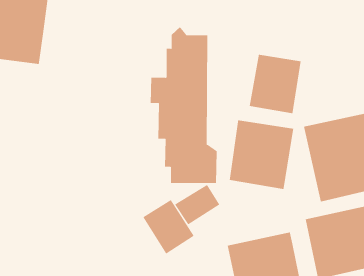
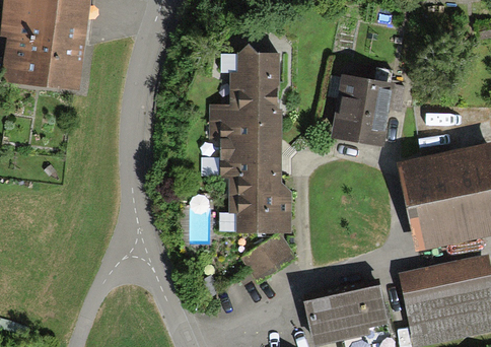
building: [229,120,294,190] -> none
building: [142,199,195,254] -> none

